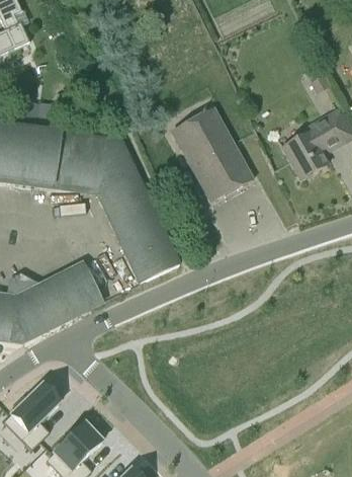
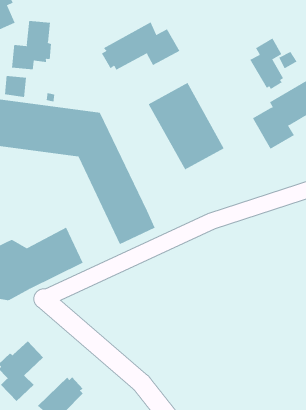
building: none -> [12,20,51,70]
building: none -> [101,21,180,70]
building: none -> [249,38,284,90]

